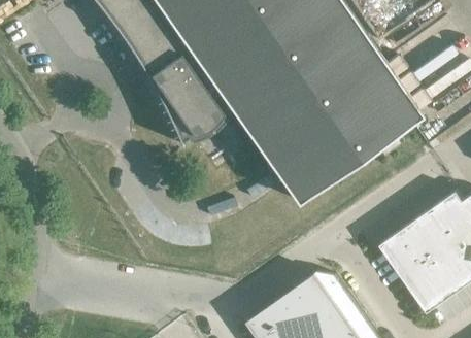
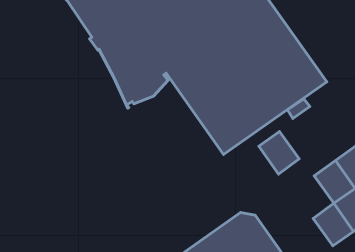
building: [382,229,431,280] -> [259,131,299,174]

